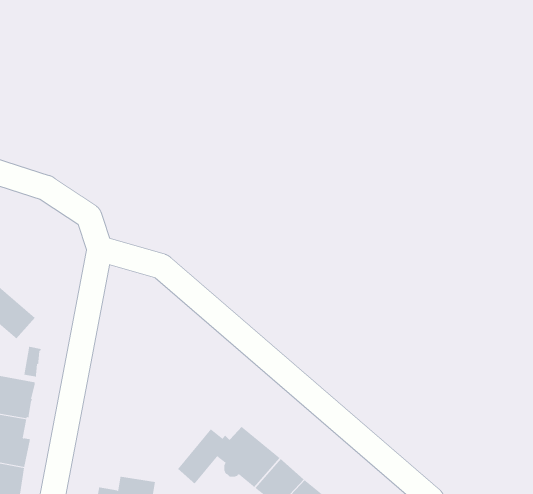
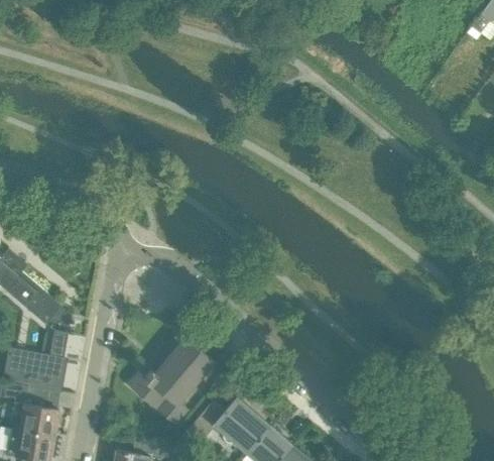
building: none -> [129,337,214,424]

